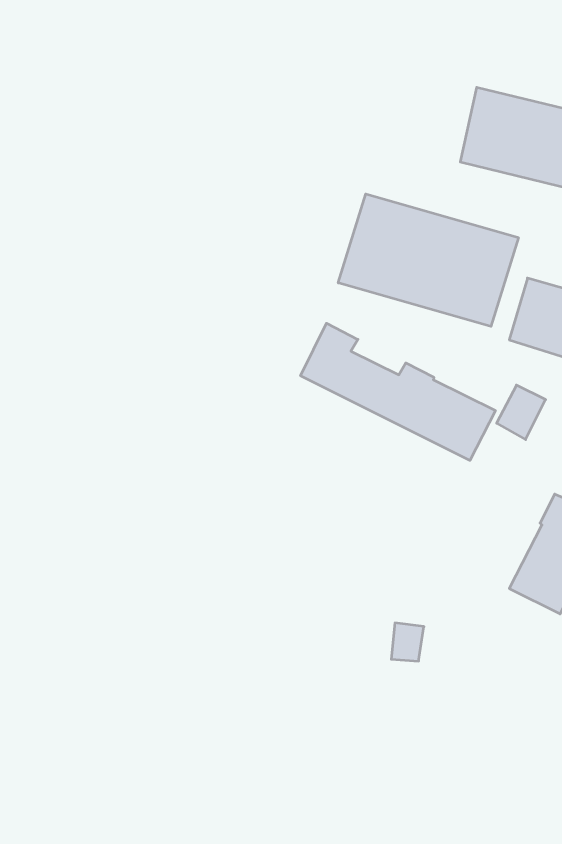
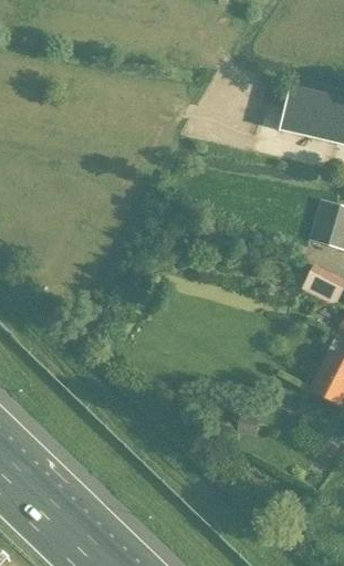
building: [338,194,518,326] -> none
building: [301,323,495,460] -> none

